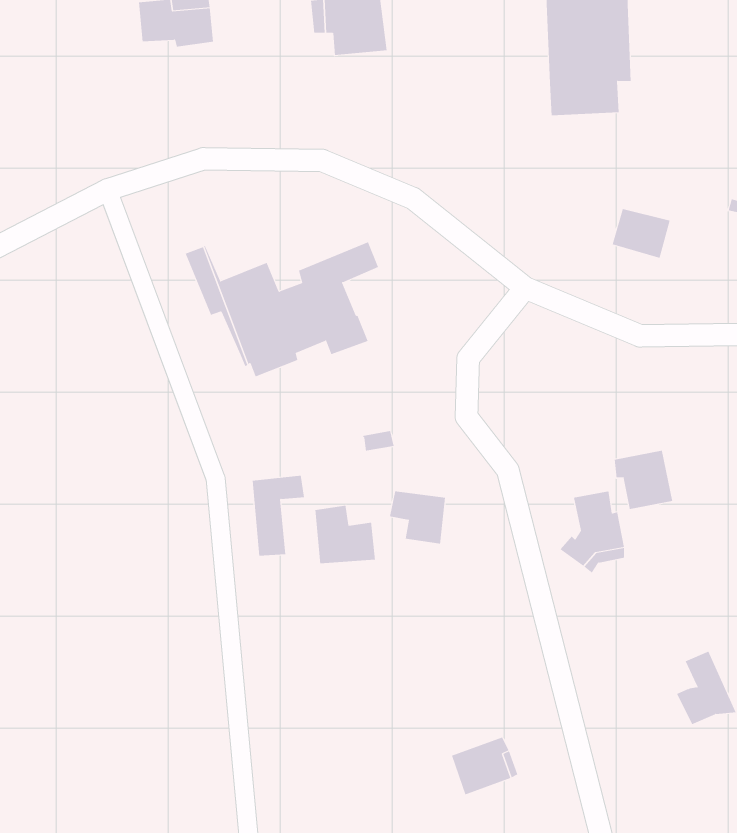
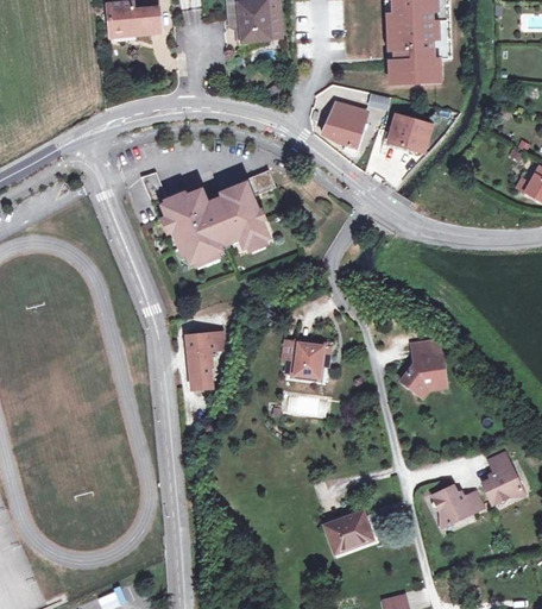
building: none -> [320,103,364,156]
building: [612,208,670,258] -> [387,115,428,150]
building: [614,450,673,510] -> none
building: [315,505,376,564] -> none
building: none -> [430,486,483,528]

